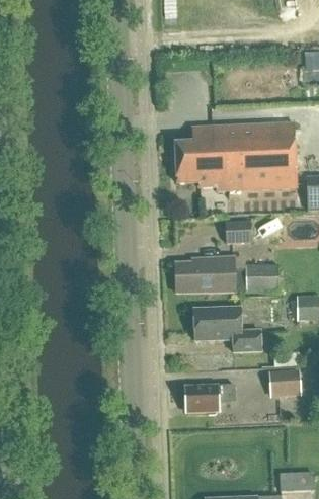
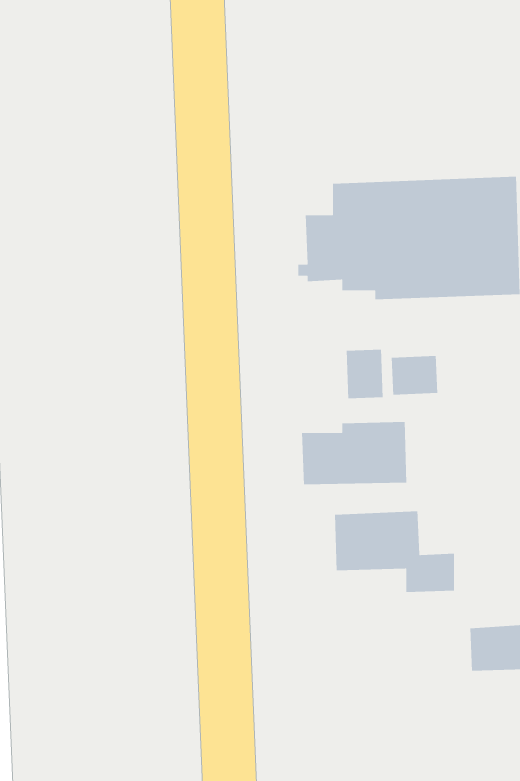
building: none -> [346,349,384,399]
building: [245,263,278,292] -> none
building: [185,384,235,412] -> none

